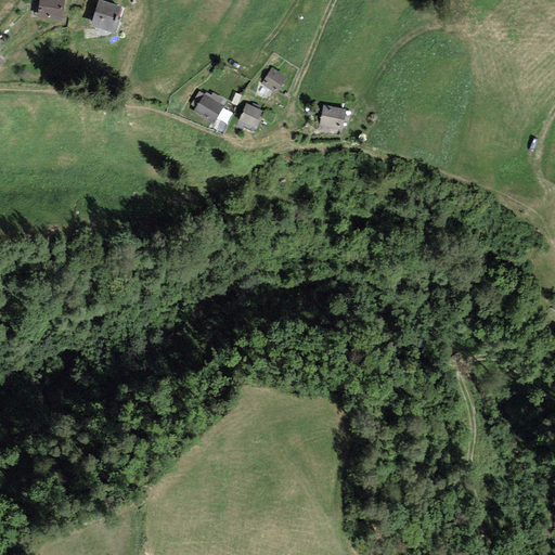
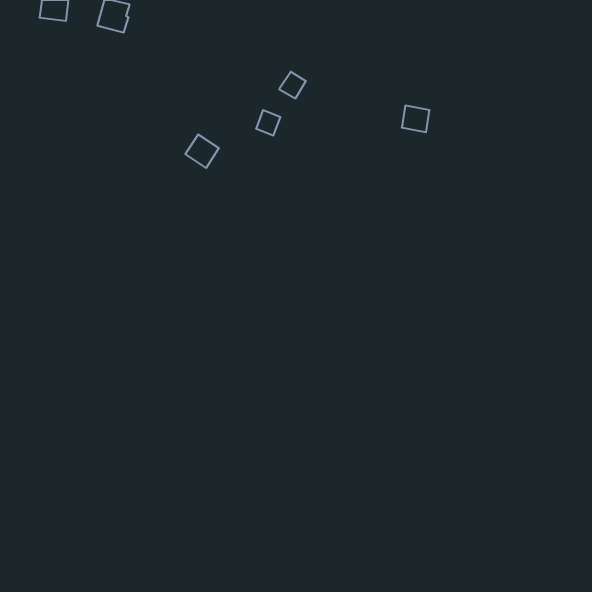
building: [193,92,224,124] -> [185,134,219,168]
building: [320,104,346,129] -> [402,106,430,132]

